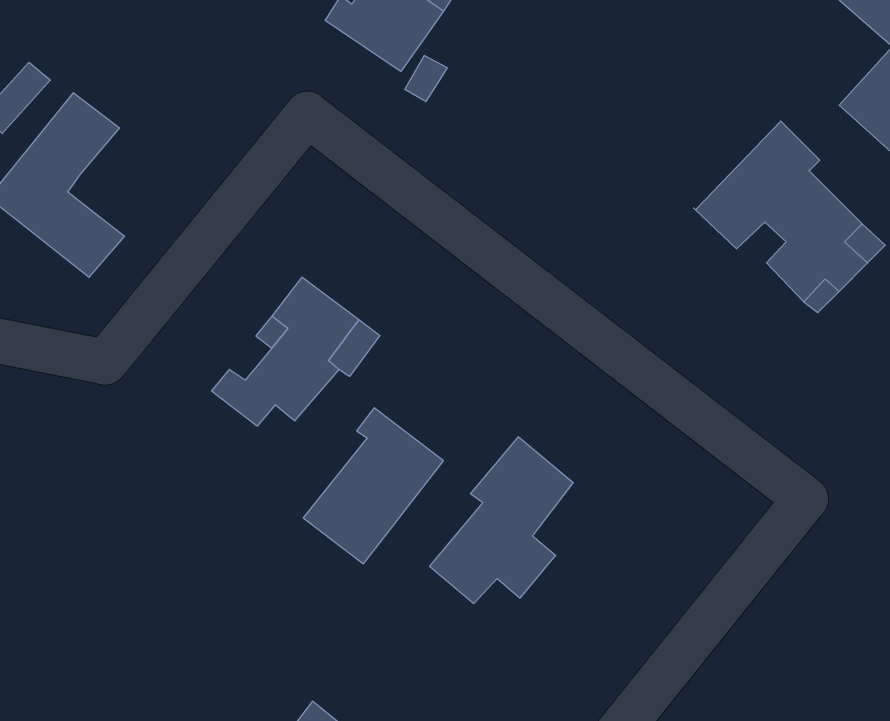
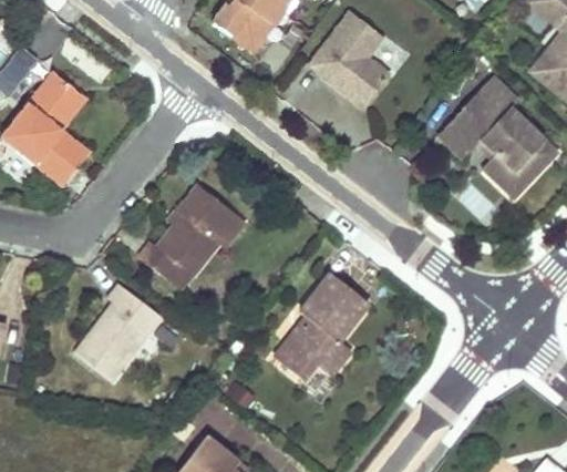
building: none -> [308,13,386,107]
building: none -> [50,88,93,155]
building: [303,408,443,564] -> [75,276,163,373]

